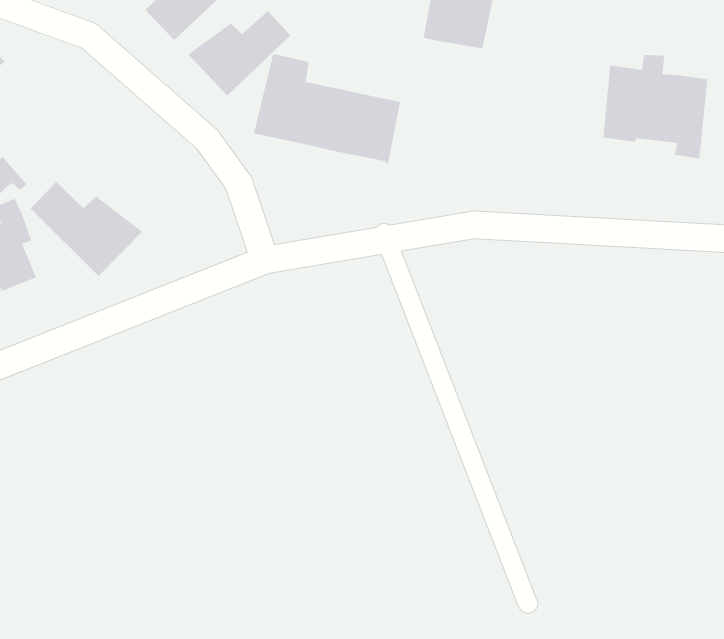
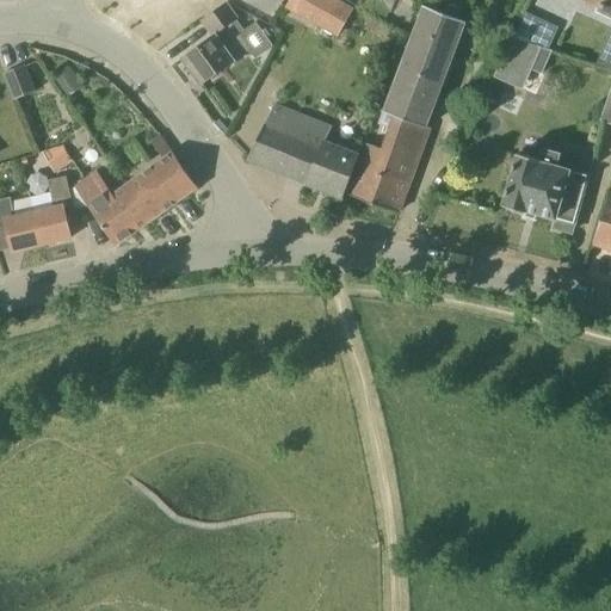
building: [187,10,291,96] -> none
building: none -> [348,115,430,211]
building: none -> [125,152,195,217]

